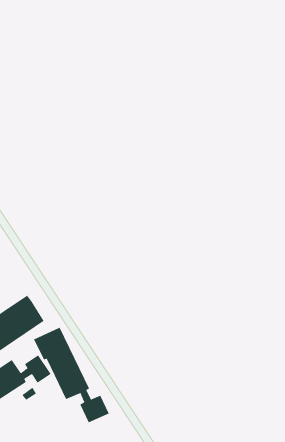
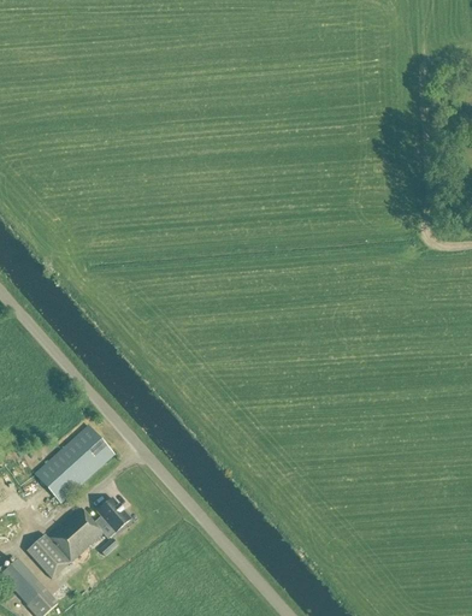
building: [33,327,109,423] -> none

